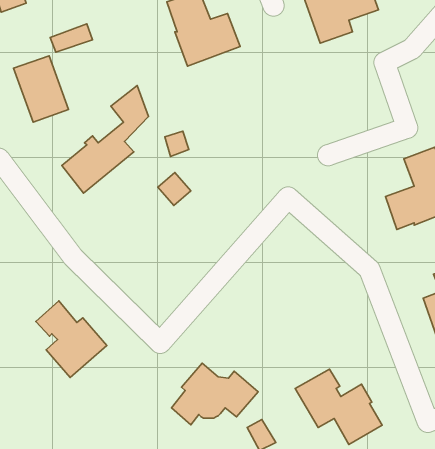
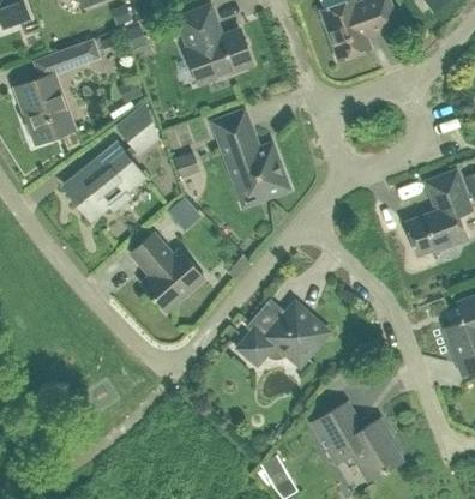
building: none -> [212,110,288,205]
building: [36,301,107,377] -> [130,232,204,312]
building: [171,363,258,425] -> [236,301,327,366]

